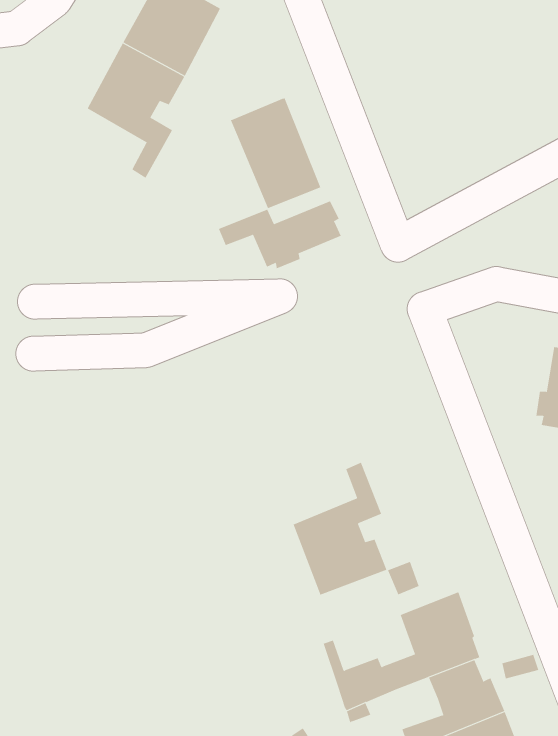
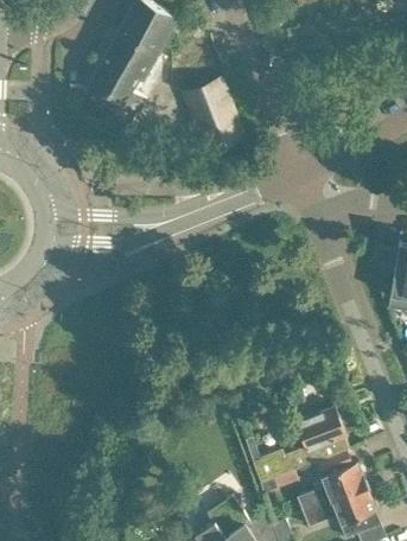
building: [218,200,341,269] -> none
building: [293,462,387,596] -> none

